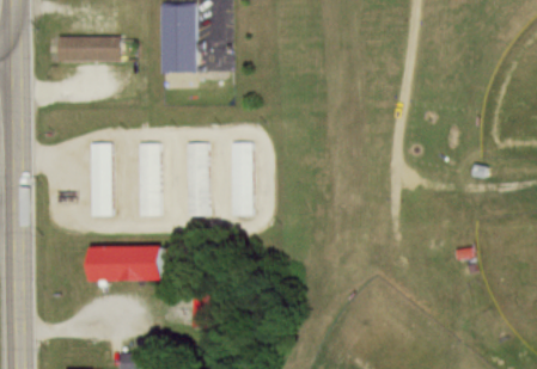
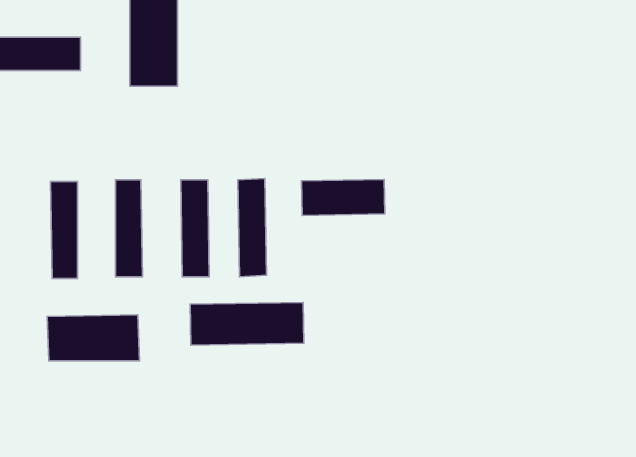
building: none -> [301,179,385,215]
building: none -> [190,302,304,345]

